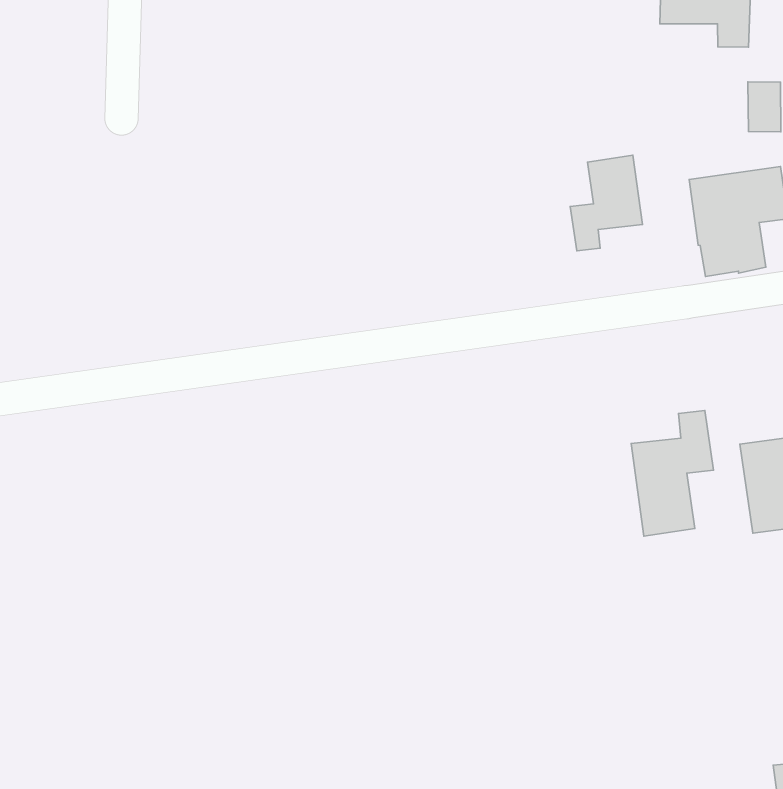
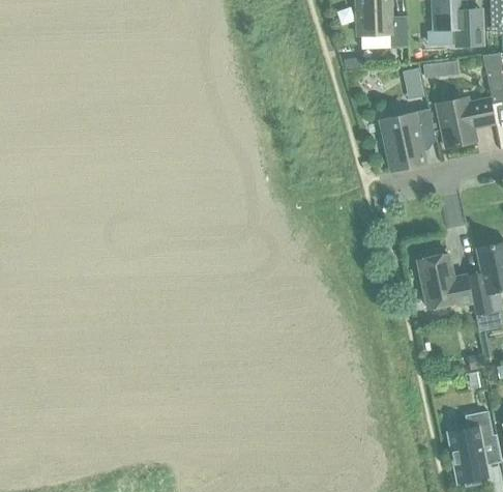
building: [570,155,642,251] -> none
building: [631,410,713,536] -> none

